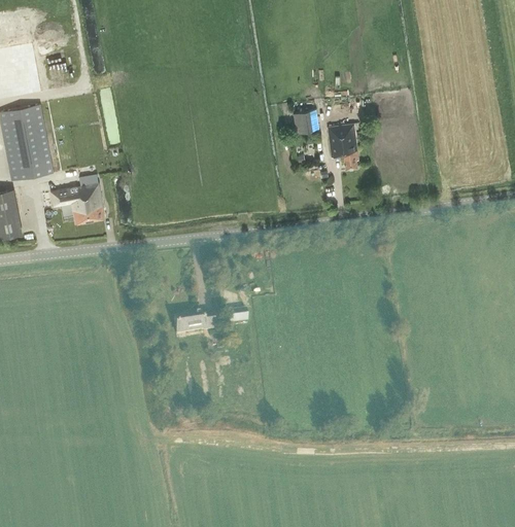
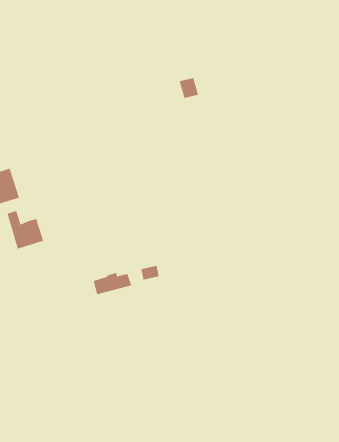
building: [329,125,358,170] -> none
building: none -> [7,210,44,250]

